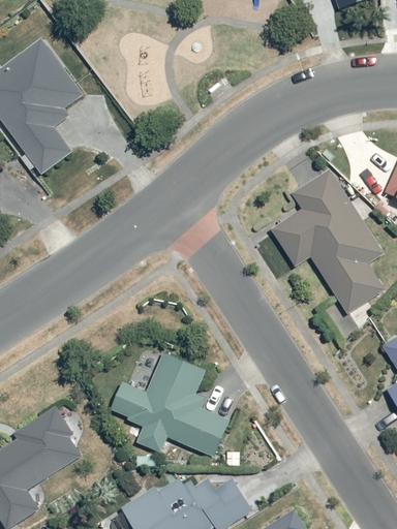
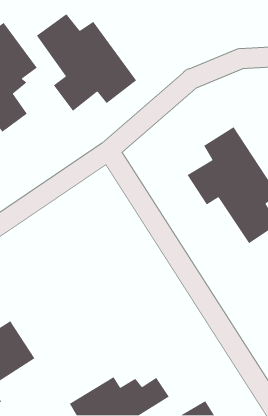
building: none -> [36,13,137,112]
building: [108,351,230,458] -> none

